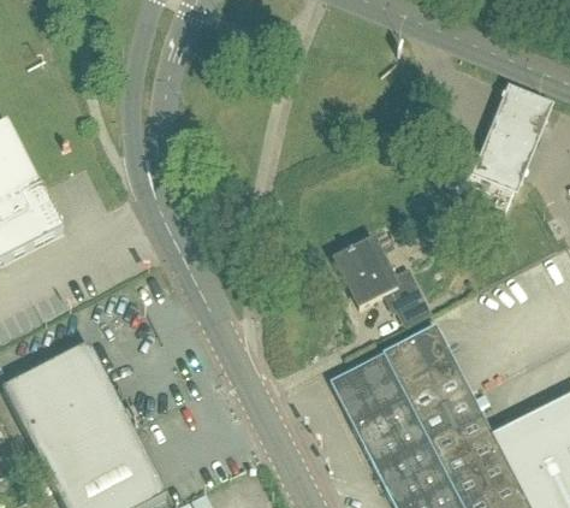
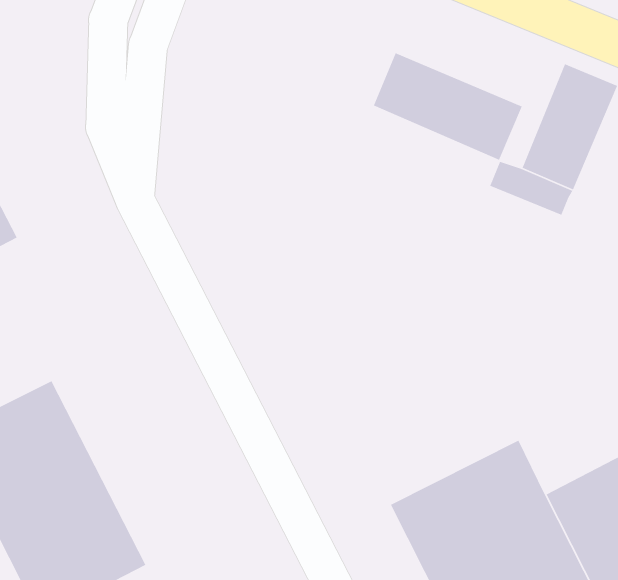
building: none -> [373,52,523,161]
building: [334,236,421,306] -> none
building: [332,324,468,442] -> none

